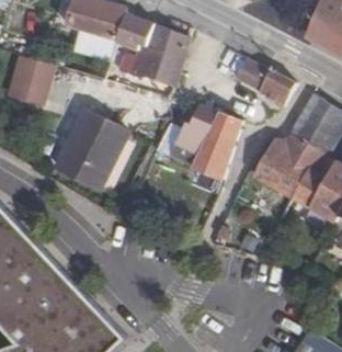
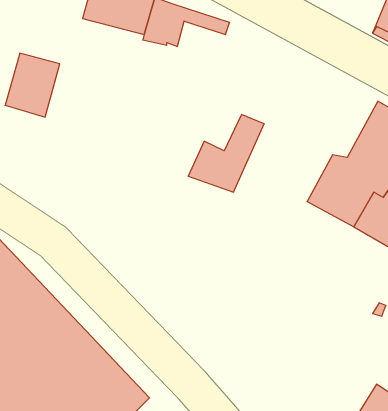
building: [116,29,186,86] -> none
building: [239,59,294,106] -> none
building: [193,113,240,180] -> none
building: [65,118,133,194] -> none

